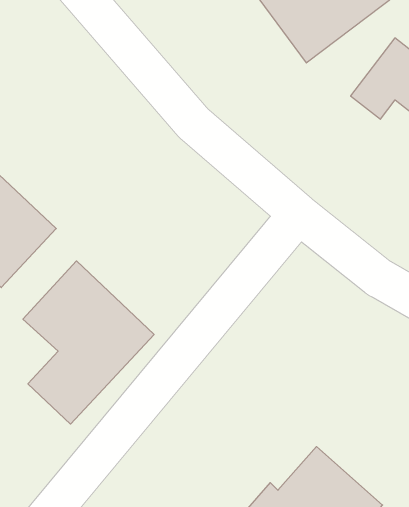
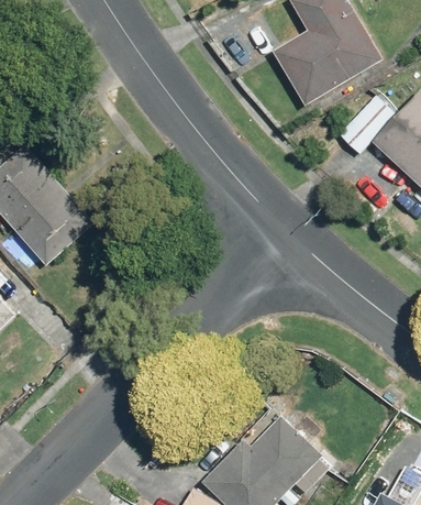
building: [23,261,154,424] -> none

